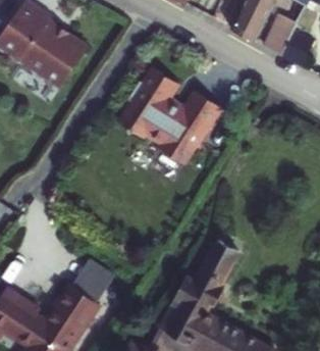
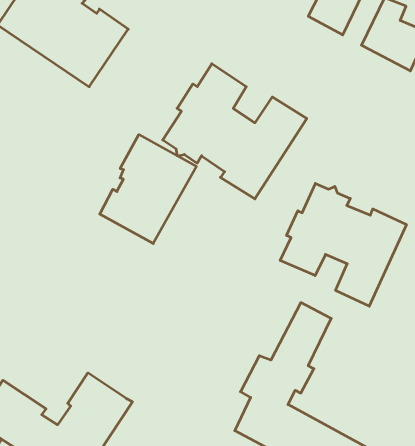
building: none -> [100,135,196,244]
building: none -> [280,183,406,306]
building: [70,263,111,305] -> none

